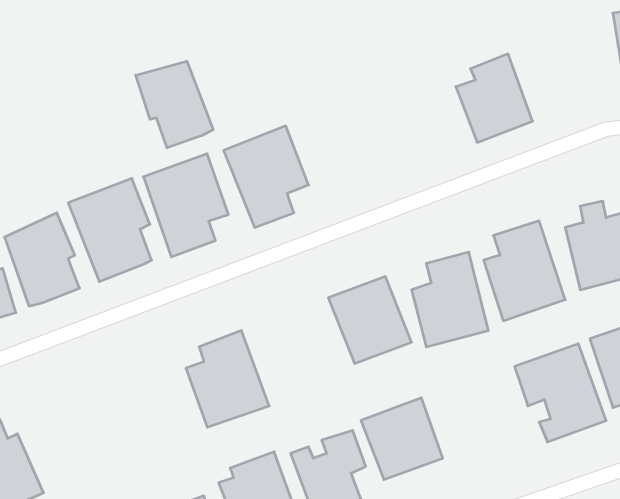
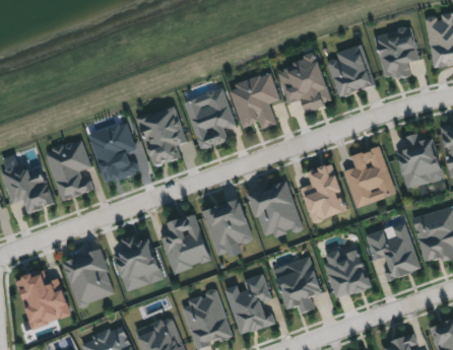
building: none -> [374,26,419,76]
building: [136,61,213,148] -> none
building: none -> [278,48,335,114]
building: none -> [230,71,281,132]
building: none -> [203,198,252,253]
building: none -> [113,233,166,291]
building: none -> [63,250,116,306]
building: none -> [323,250,374,296]

